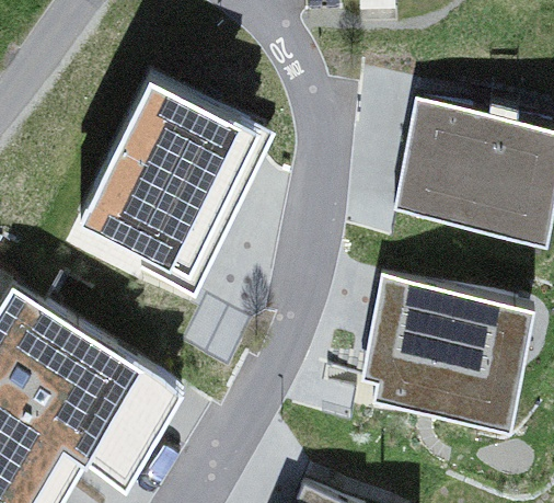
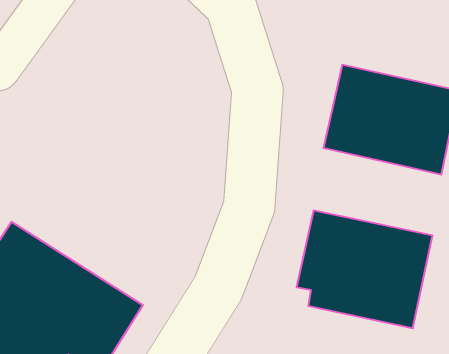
building: [86,88,264,277] -> none

